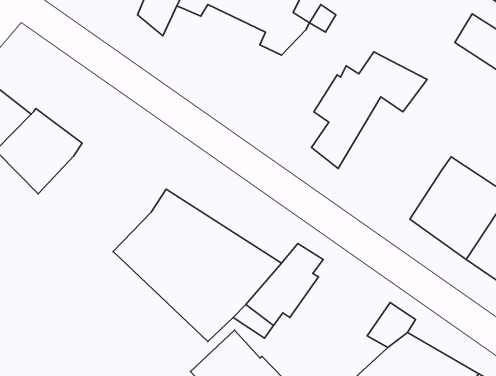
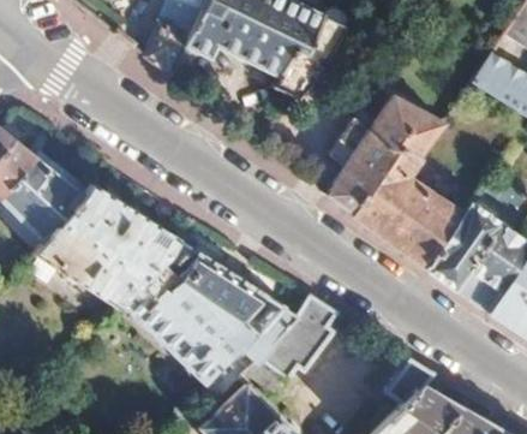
building: none -> [353,141,461,268]
building: none -> [32,183,174,307]

